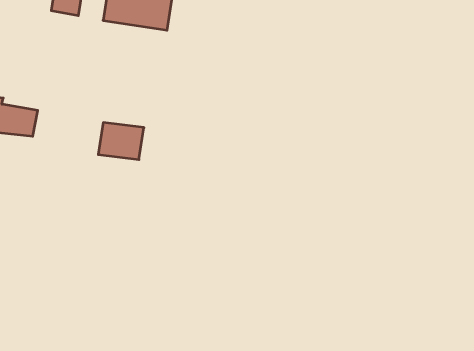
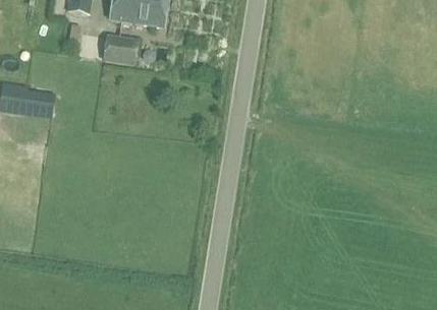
building: [98,123,144,160] -> [102,34,140,64]

